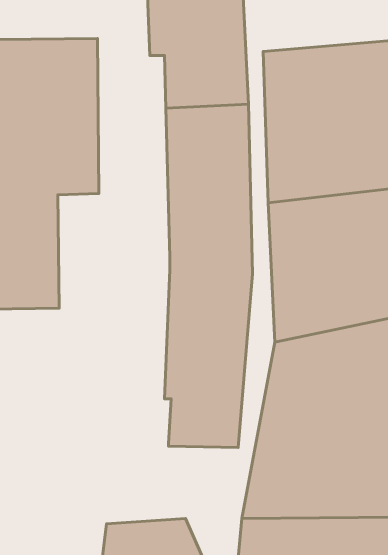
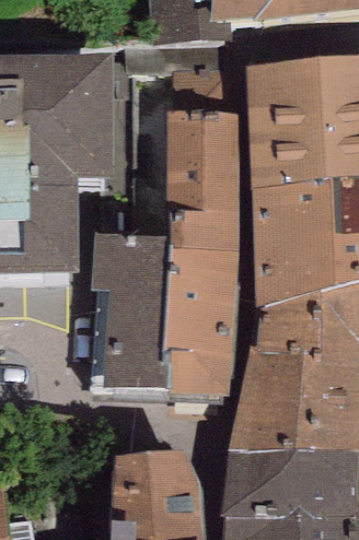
building: none -> [91,234,171,392]

